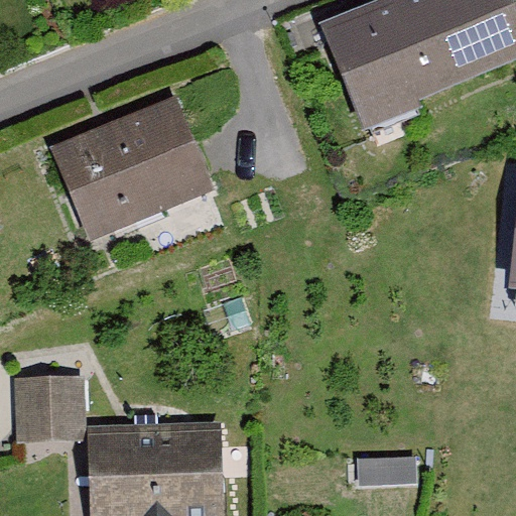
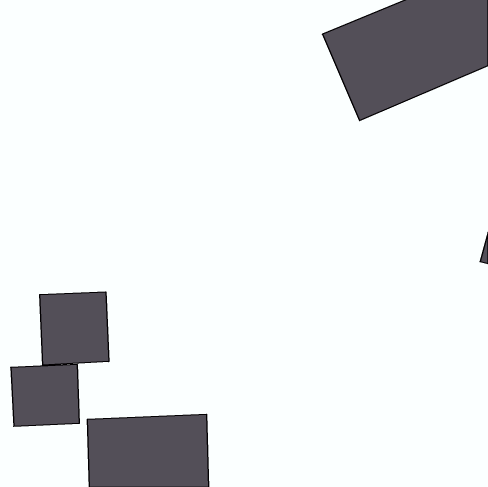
building: [50,99,214,239] -> none
building: none -> [40,292,109,365]

